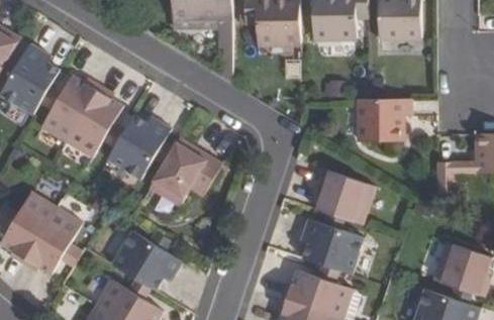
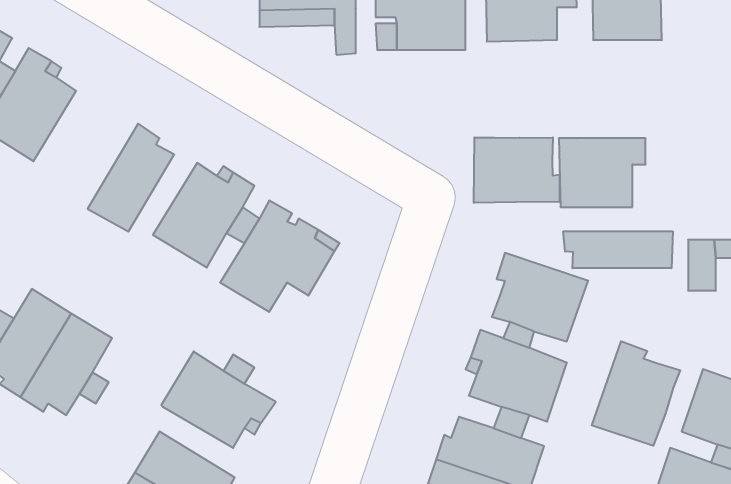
building: [40,80,97,142] -> none
building: none -> [474,137,560,203]
building: none -> [563,231,673,268]
building: none -> [592,341,680,446]

